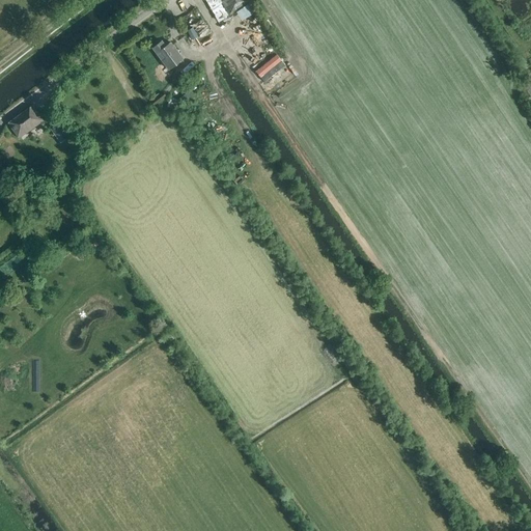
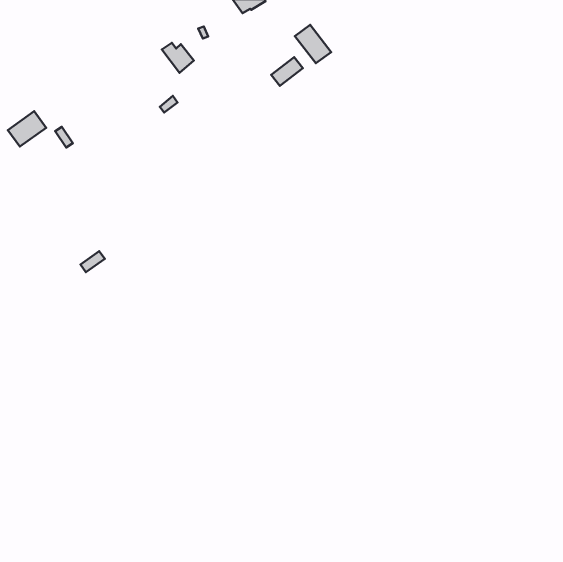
building: none -> [295,25,331,63]

